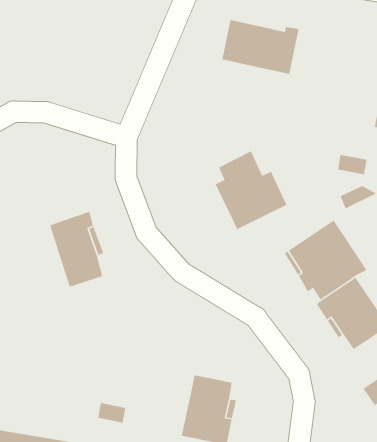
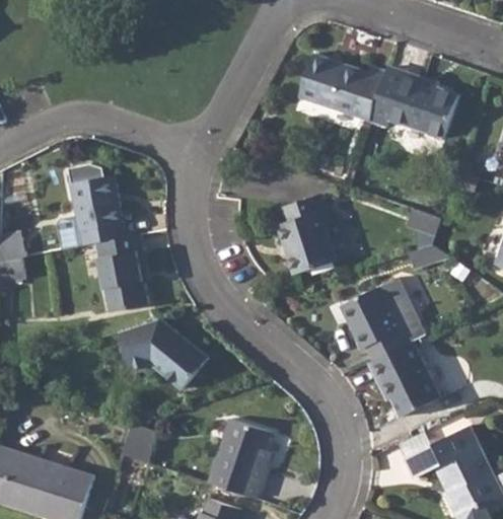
building: none -> [370,67,458,139]
building: none -> [72,175,126,246]
building: none -> [118,320,207,387]

